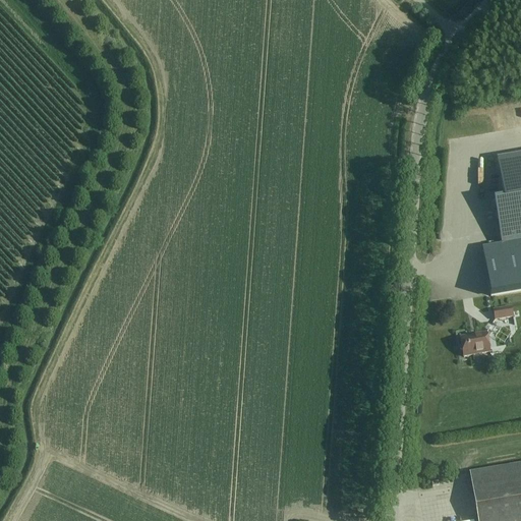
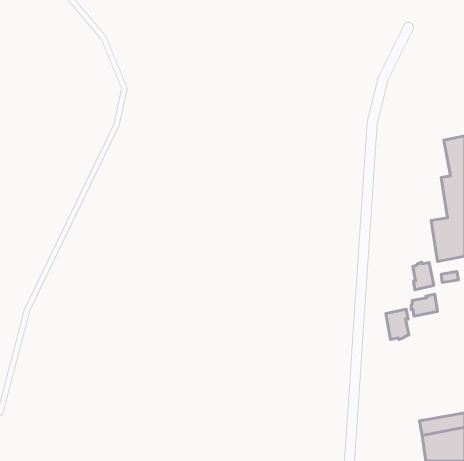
building: none -> [413,262,434,290]
building: none -> [386,309,409,340]

